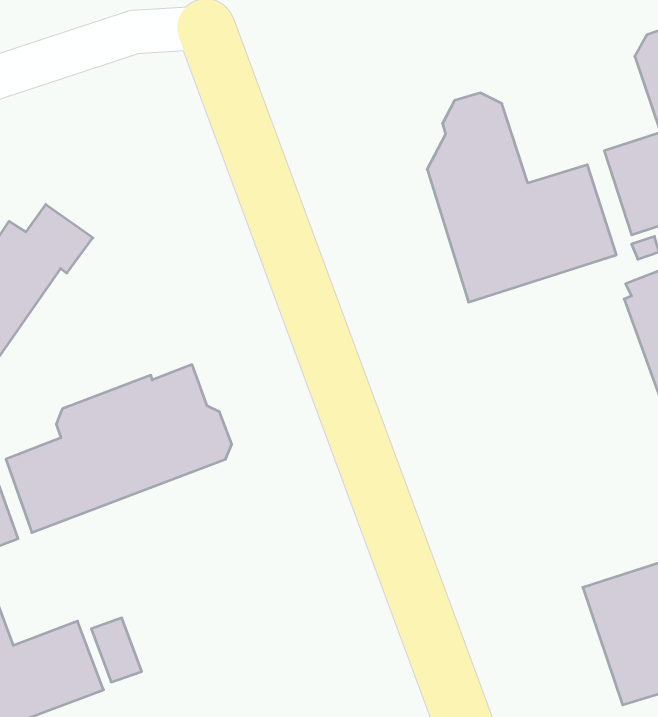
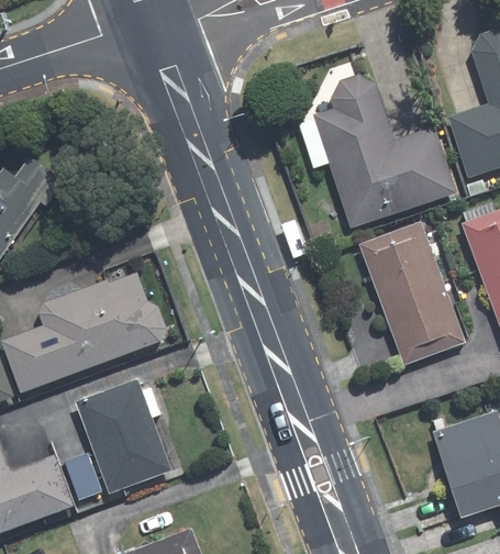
building: none -> [353,219,460,364]
building: none -> [85,377,181,492]

